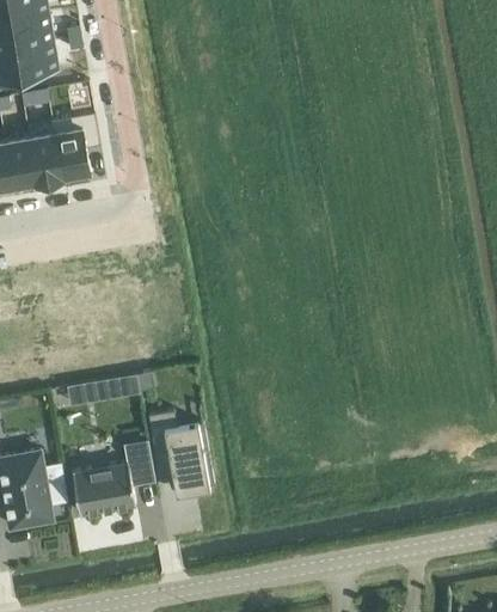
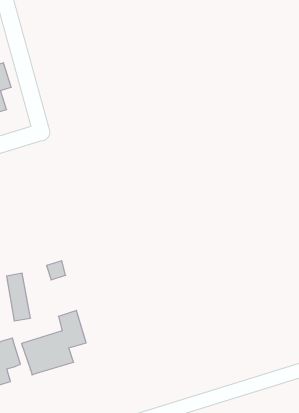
building: [148,412,214,491] -> none

